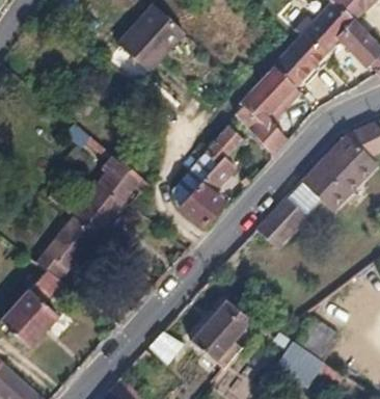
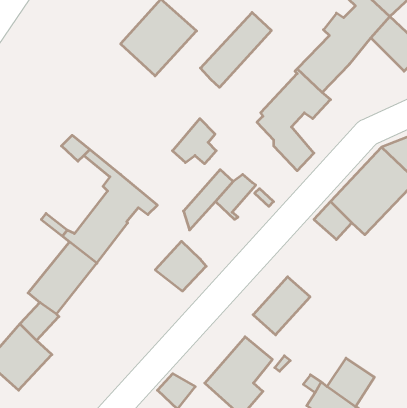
building: none -> [200,12,271,87]
building: [205,125,243,164] -> [172,119,216,164]
building: [178,181,222,224] -> [155,241,206,291]
building: [256,196,306,247] -> [253,277,310,335]

